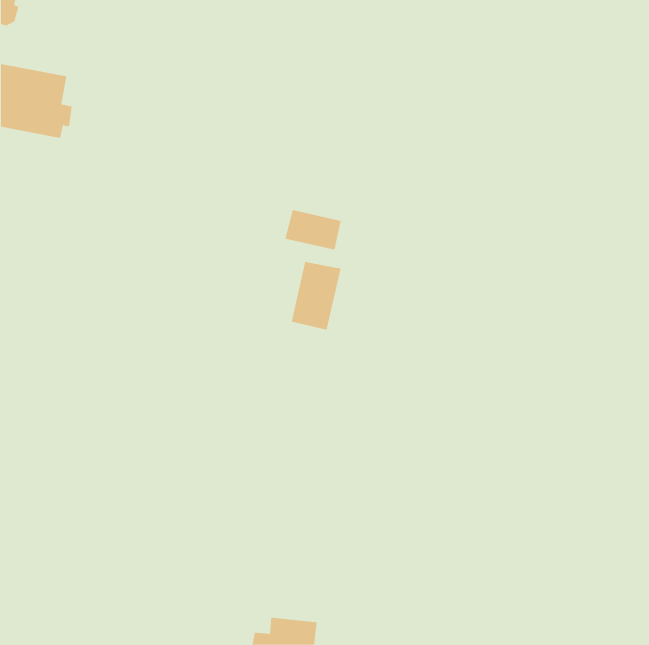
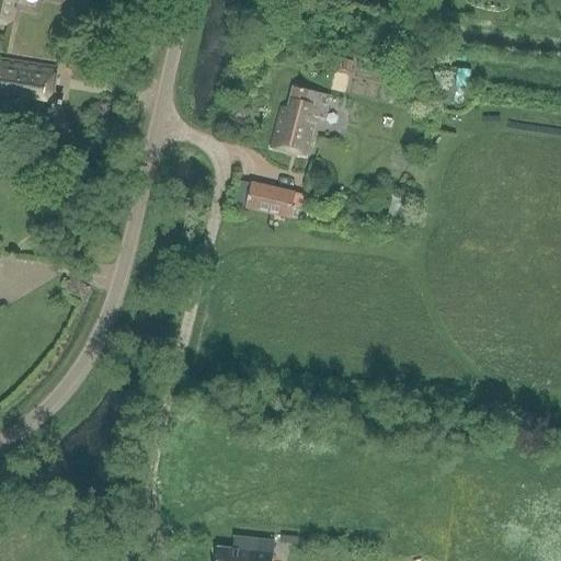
building: none -> [270,85,330,156]
building: [291,261,341,330] -> none

